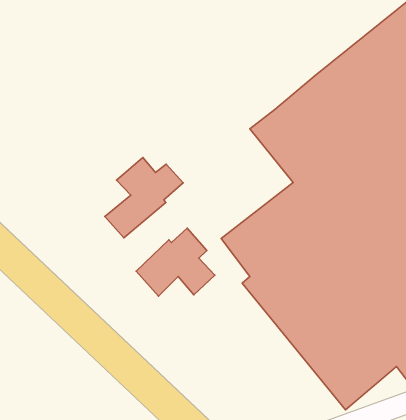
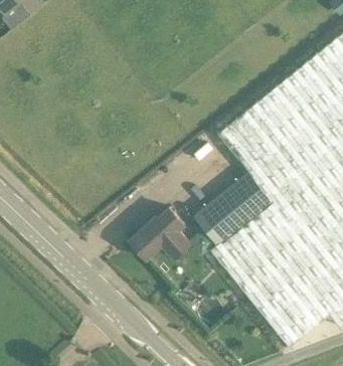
building: [105,158,183,238] -> none

